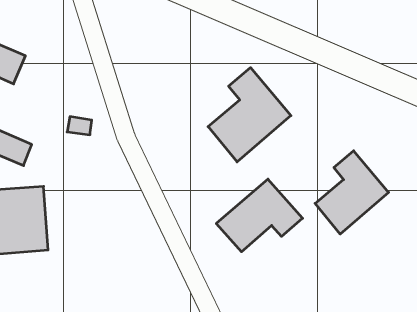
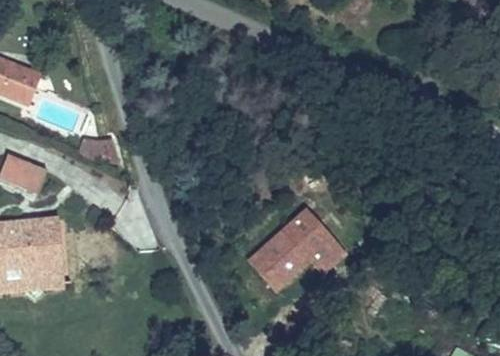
building: [208,68,291,162] -> none
building: [315,151,389,234] -> none

